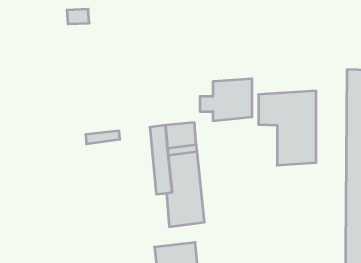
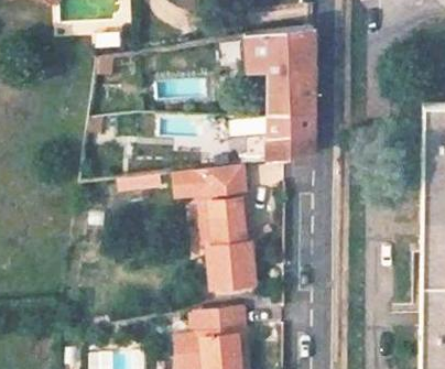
building: [258,91,316,165] -> [245,32,313,120]

